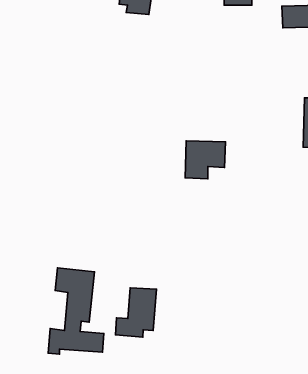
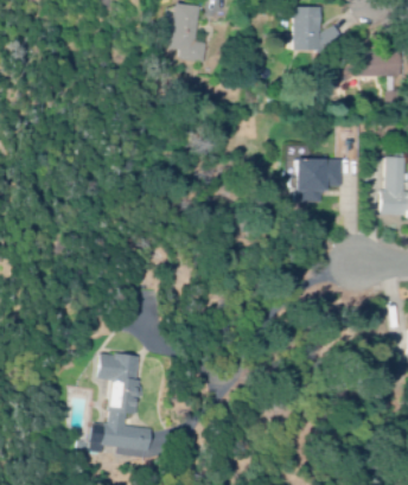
building: [185,141,225,179] -> [295,158,342,202]
building: [116,288,157,337] -> none

